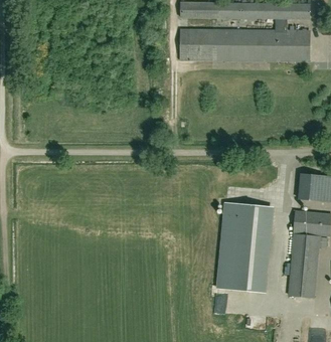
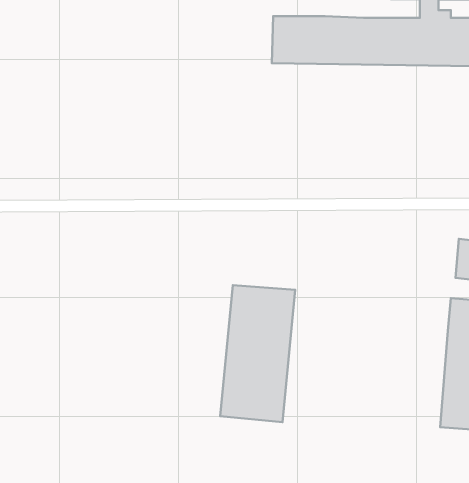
building: [217,203,266,292] -> [220,285,295,422]

